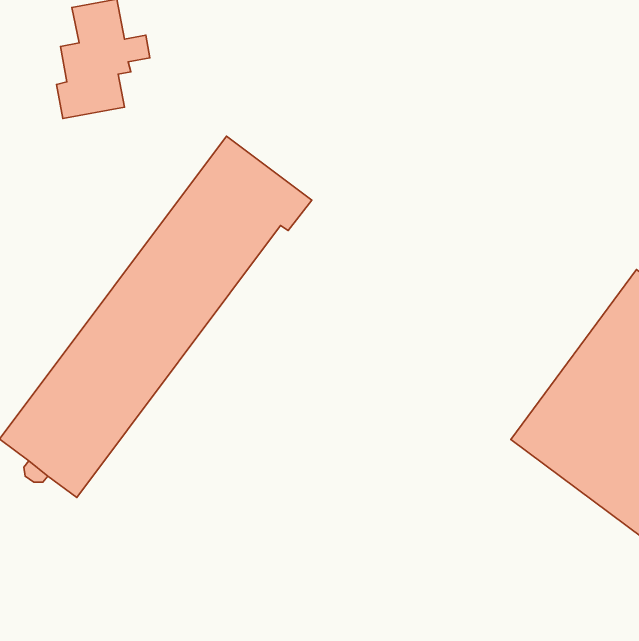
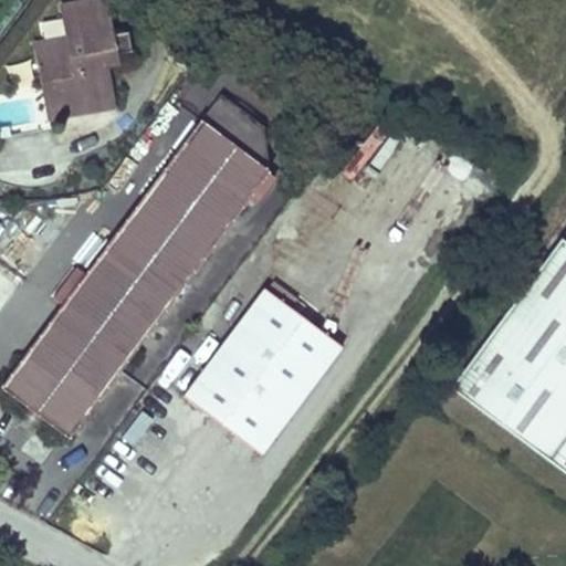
building: none -> [36,41,115,117]
building: none -> [185,289,344,454]

